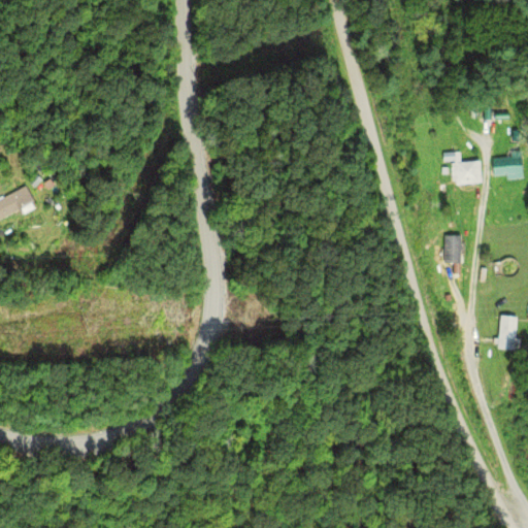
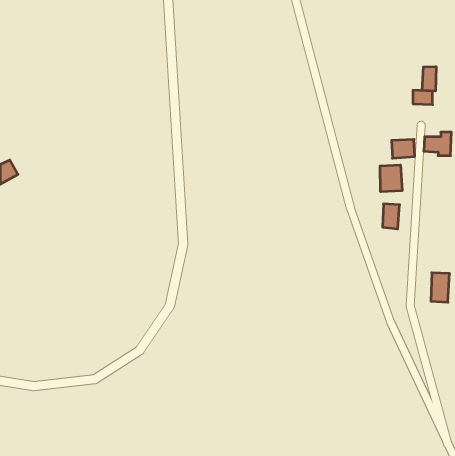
building: none -> [422,67,436,91]
building: none -> [380,165,402,192]

